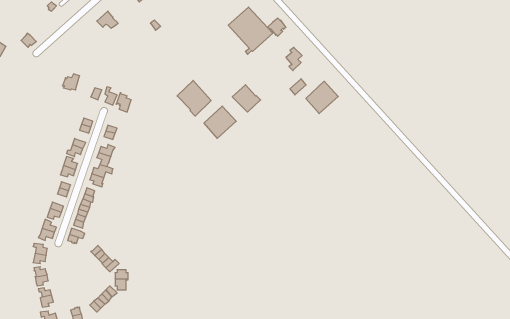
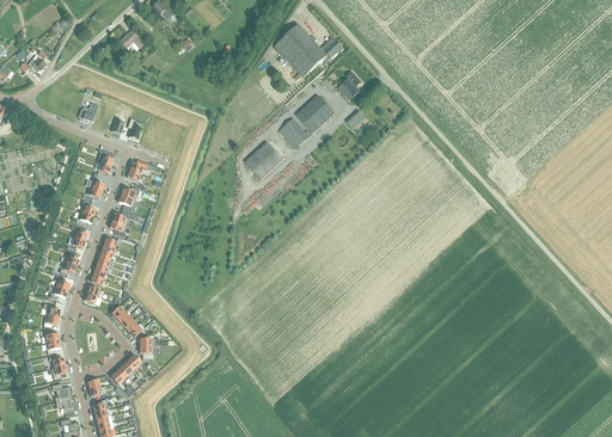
building: [177,80,211,116] -> none
building: [306,81,338,114] -> [296,94,335,133]

